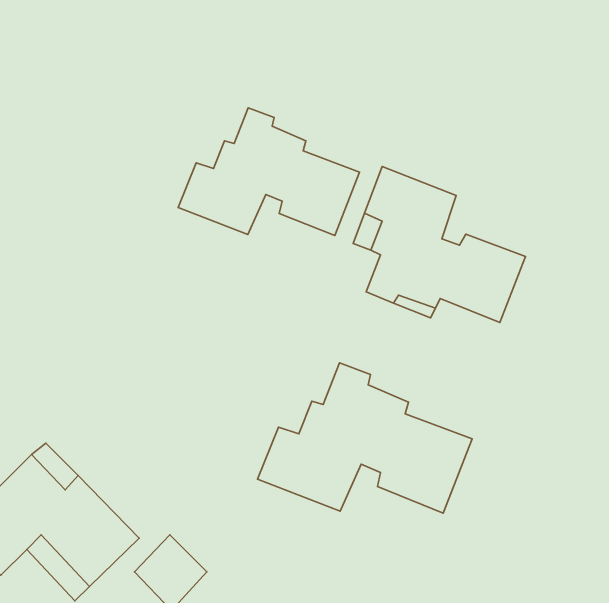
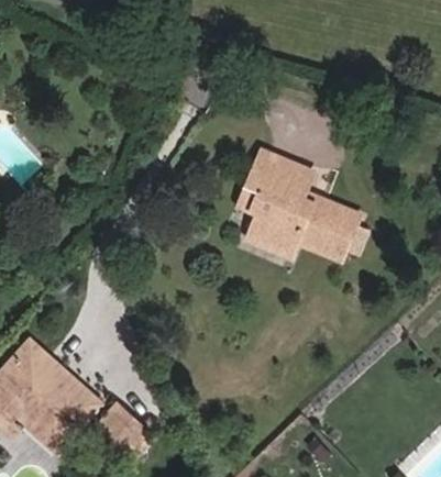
building: [178,108,360,236] -> none
building: [257,363,472,513] -> none

